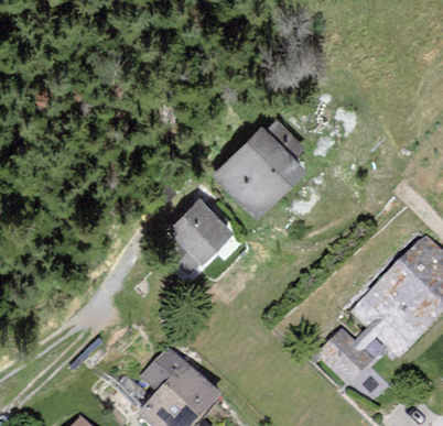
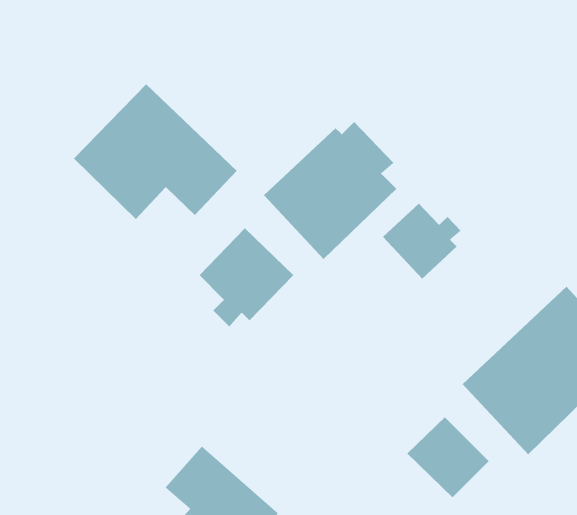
building: none -> [73,83,238,220]
building: none -> [382,203,462,279]

